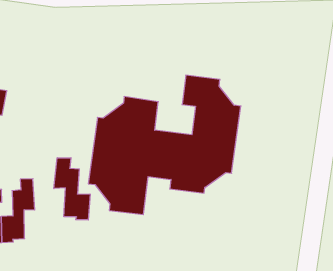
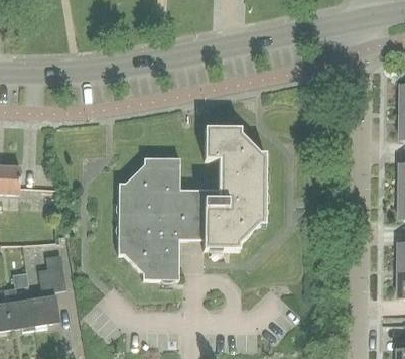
building: [54,158,90,220] -> none

